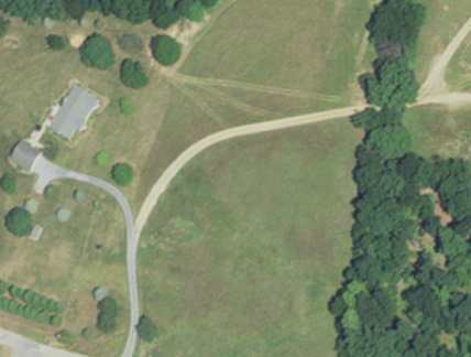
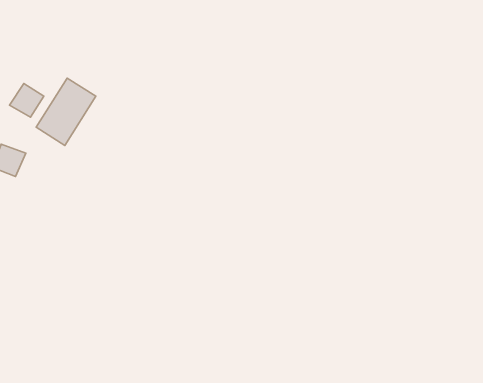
building: none -> [10,83,44,117]

